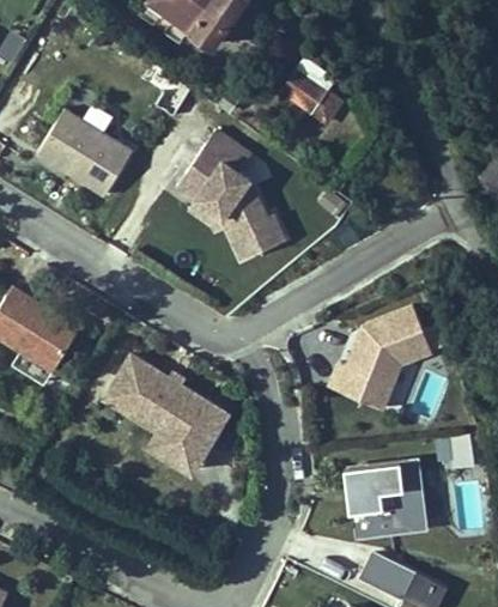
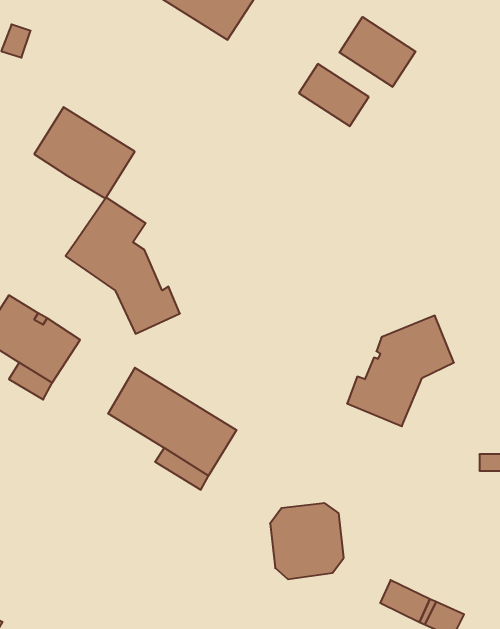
building: none -> [339,17,415,87]
building: [175,130,283,259] -> [66,198,180,334]
building: [351,462,420,534] -> [270,503,344,579]

